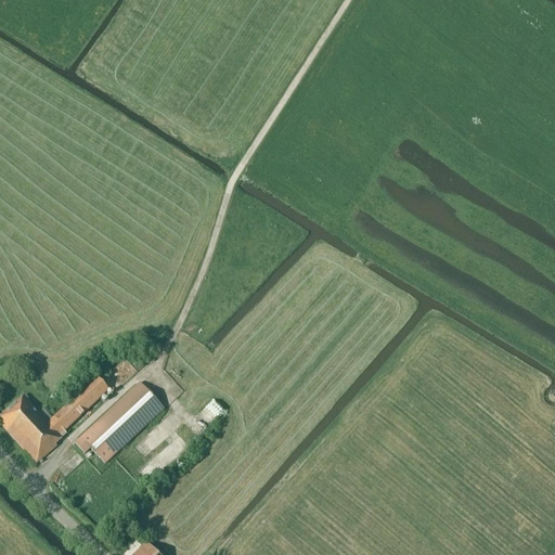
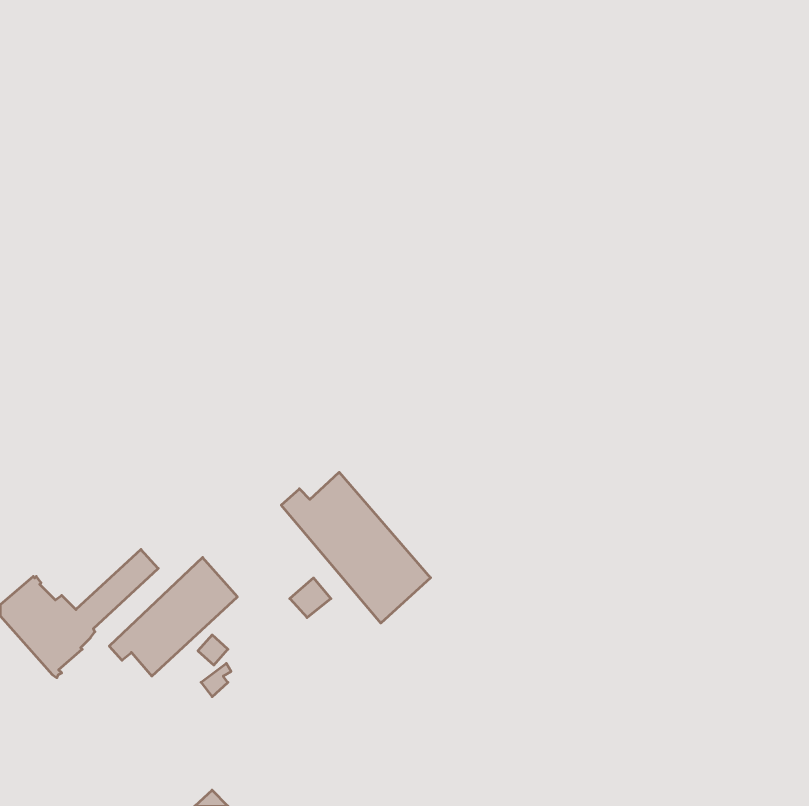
building: none -> [281,472,431,623]

